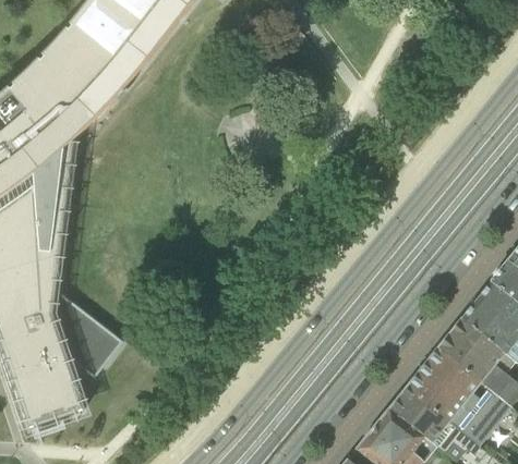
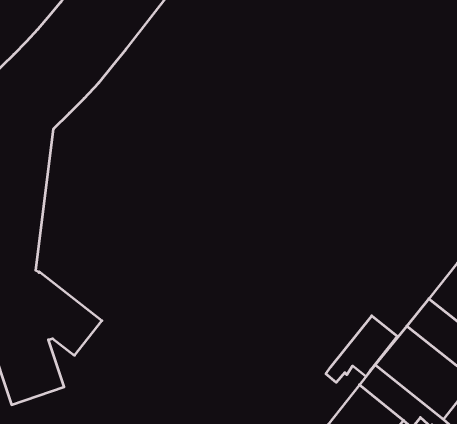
building: none -> [326,316,397,382]

